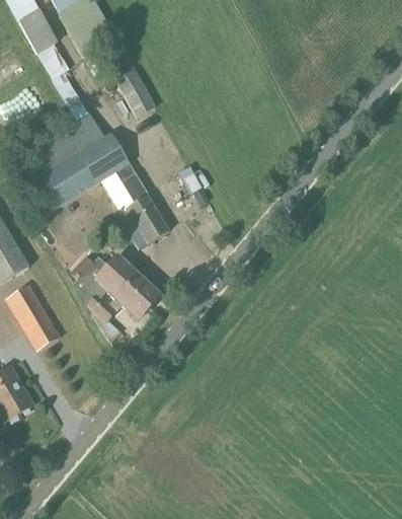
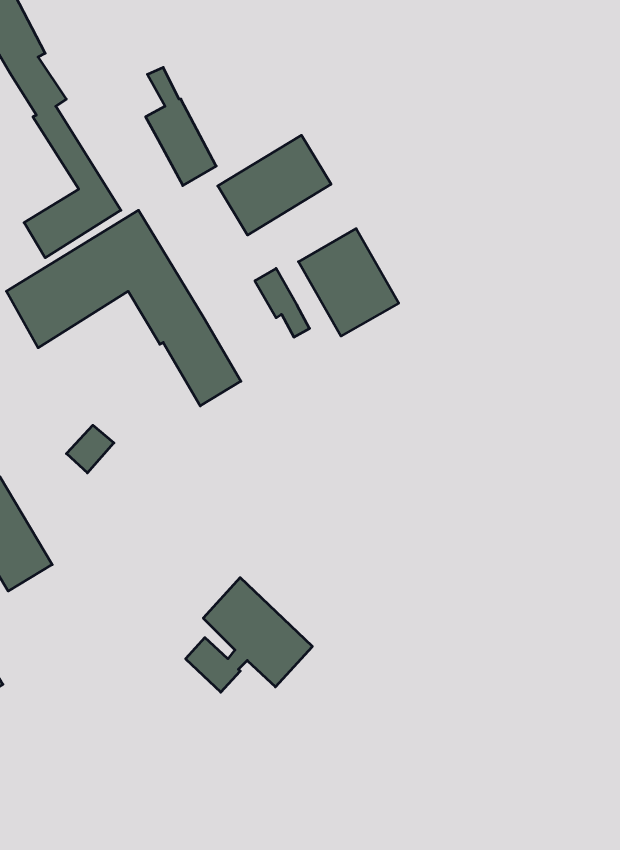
building: none -> [218,135,331,235]
building: none -> [298,229,399,336]
building: [85,255,158,321] -> [186,578,312,692]

